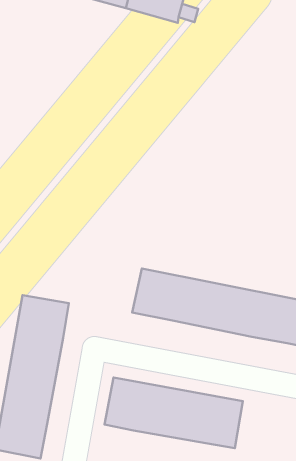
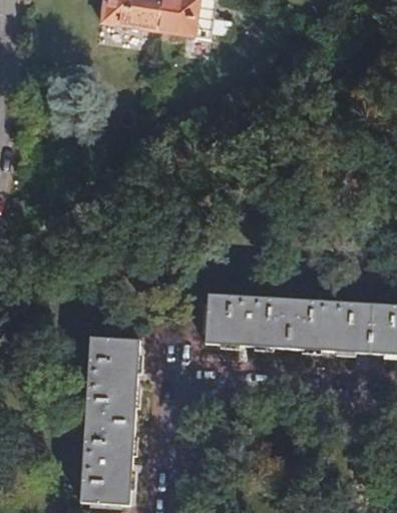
building: [105,378,243,448] -> none

